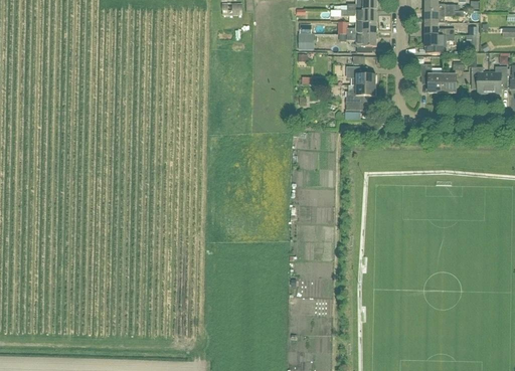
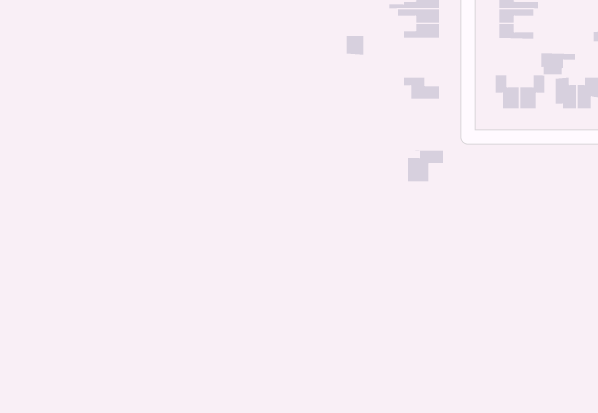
building: [346,34,376,52] -> none
building: [424,34,454,52] -> [540,53,576,75]
building: [346,84,376,111] -> [407,150,444,182]

